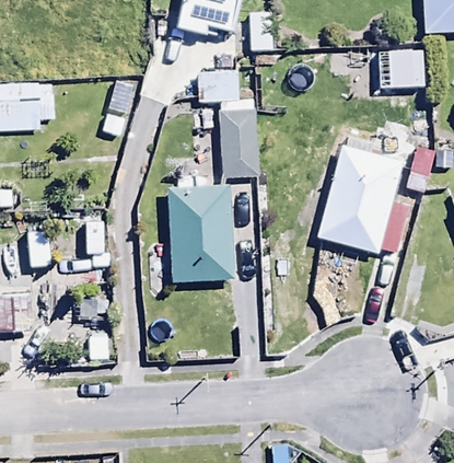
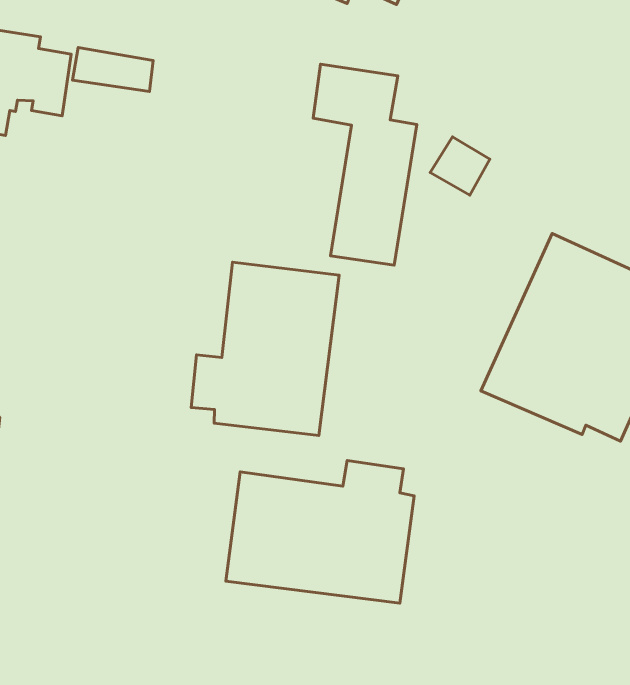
building: none -> [226,460,414,603]

